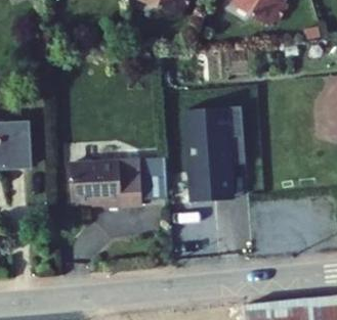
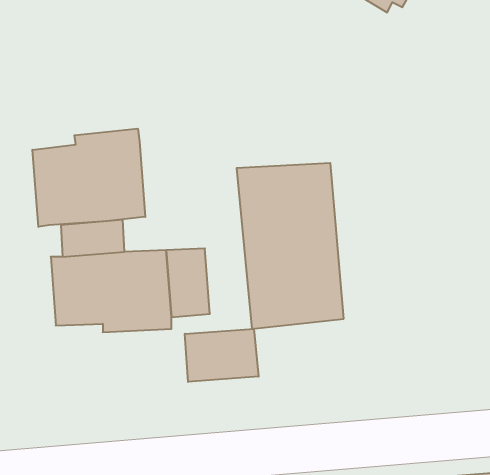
building: none -> [32,129,145,227]
building: none -> [185,329,259,382]

